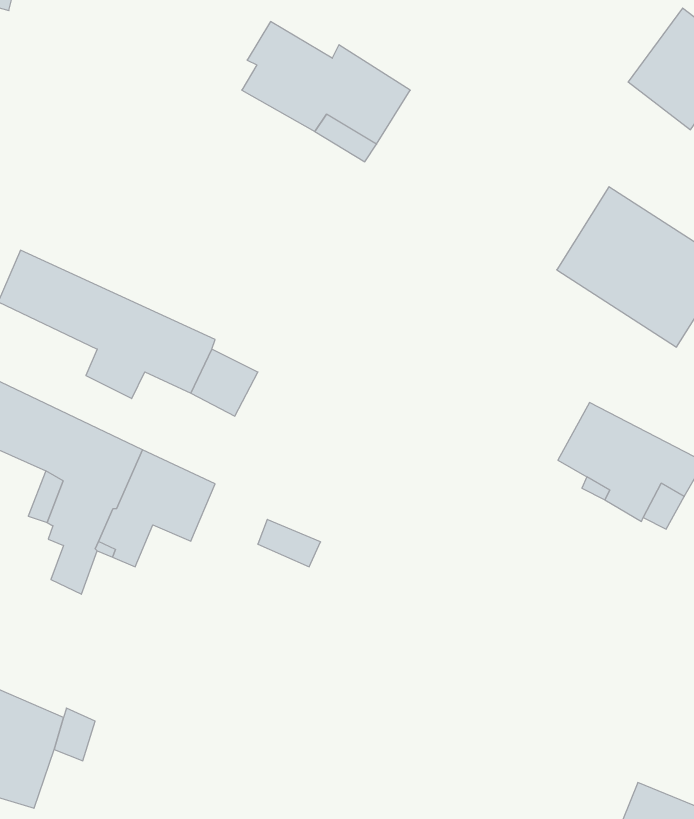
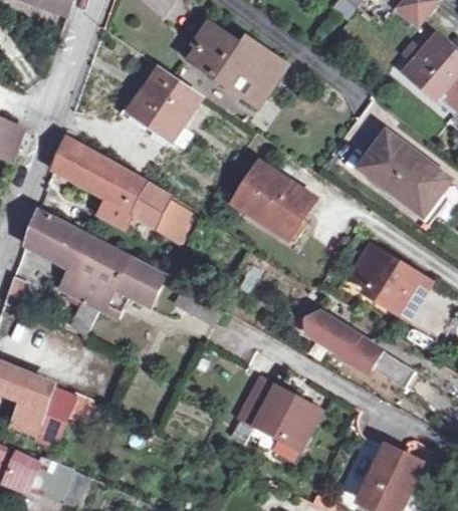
building: none -> [128,69,198,139]
building: none -> [231,161,314,243]
building: none -> [306,311,414,387]
building: none -> [238,379,317,451]

